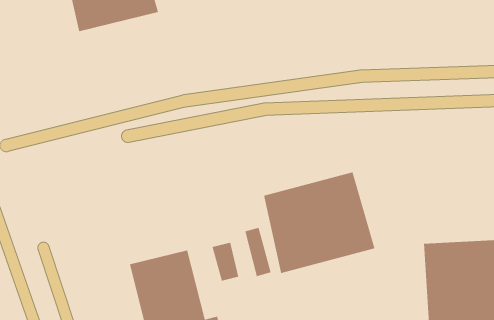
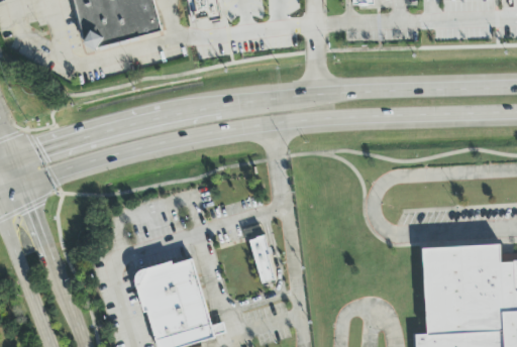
building: [263,171,375,274] -> none
building: [212,242,239,281] -> none

